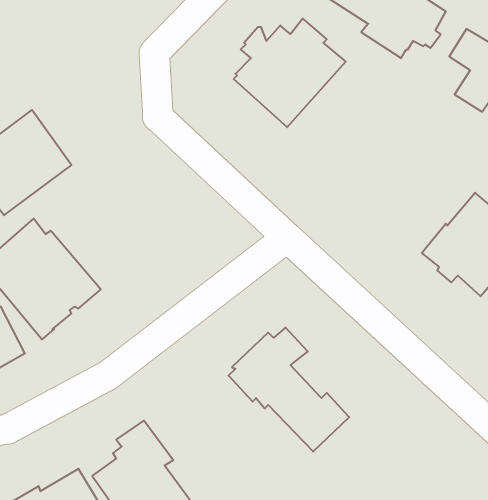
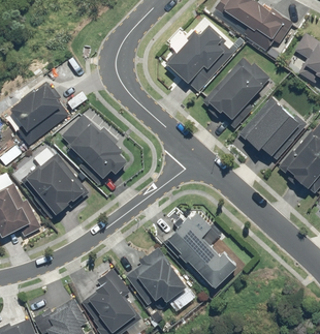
building: none -> [202,58,270,128]
building: none -> [239,97,308,159]
building: none -> [62,115,127,185]
building: none -> [126,247,195,311]

